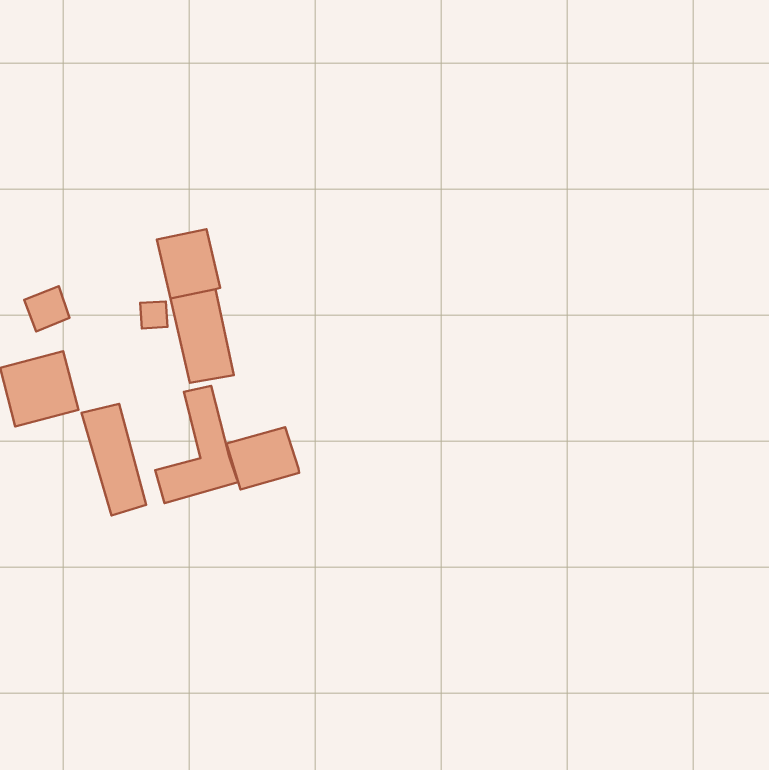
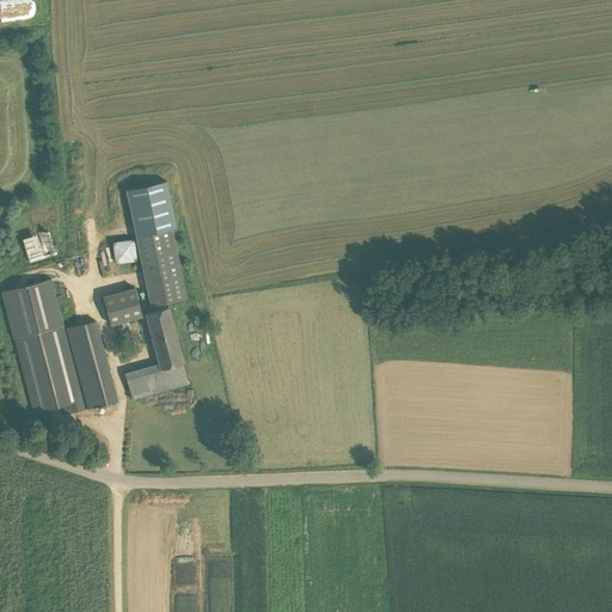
building: none -> [99,287,139,324]
building: none -> [14,325,84,414]
building: [227,427,299,489] -> none

